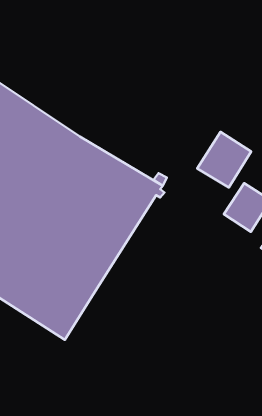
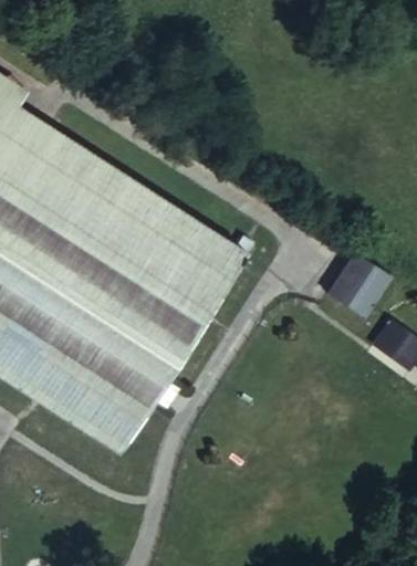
building: [197,132,251,188] -> none

